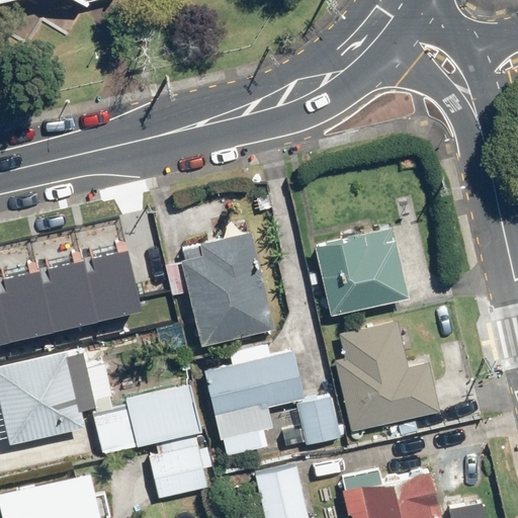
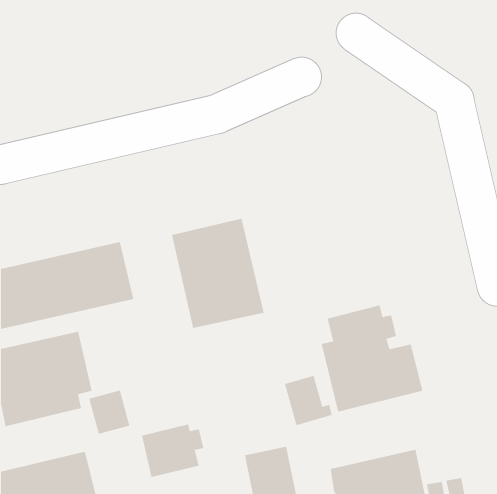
building: [315,227,408,314] -> none
building: [204,344,303,455] -> none
building: [123,383,202,446] -> none

